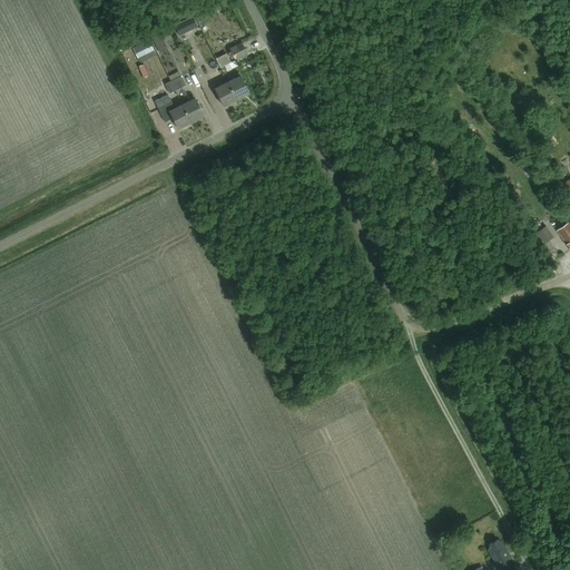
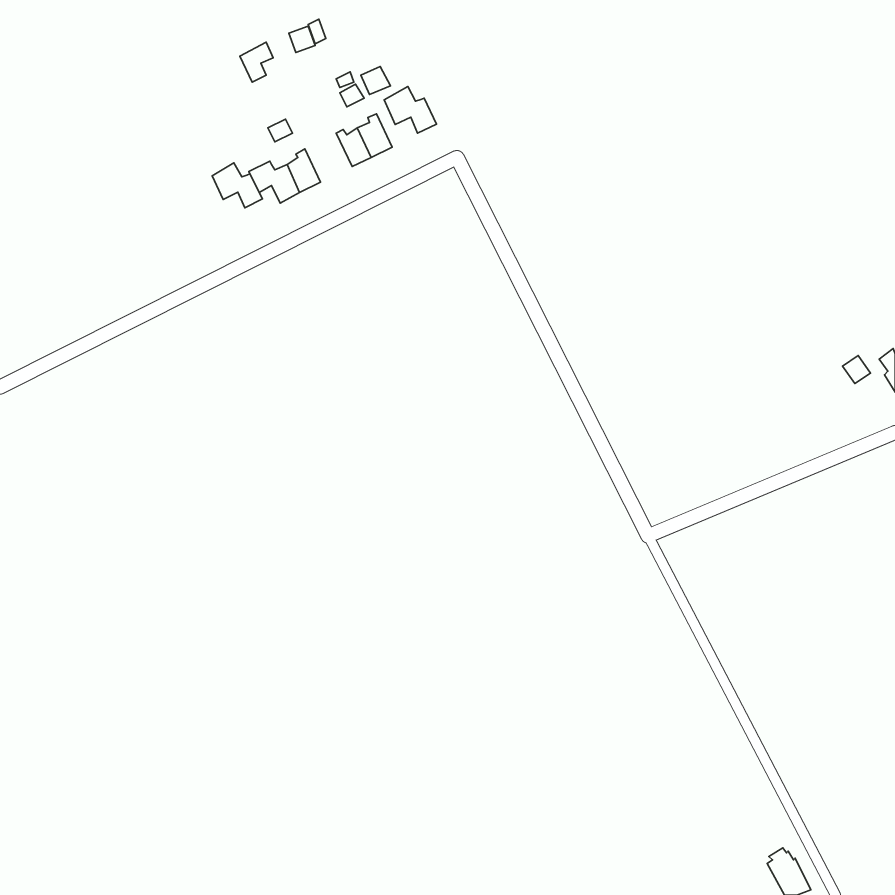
building: none -> [384,87,436,133]
building: none -> [212,163,262,208]

